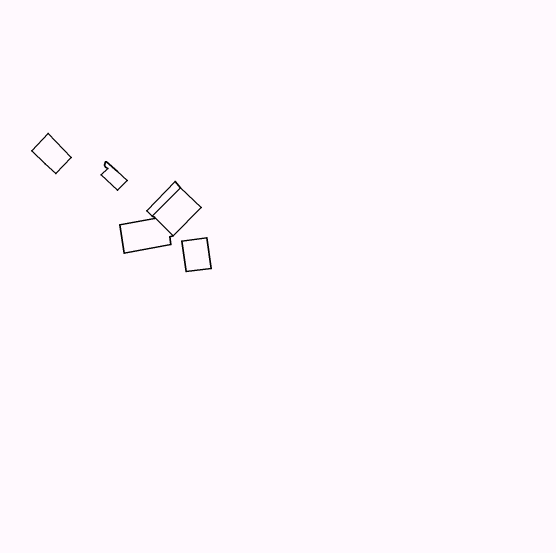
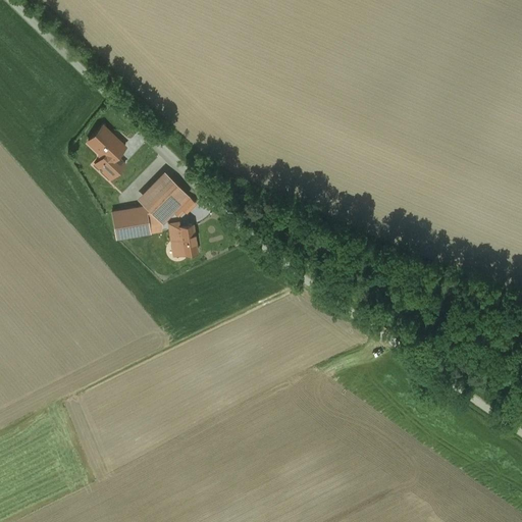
building: [32,133,71,174] -> [88,125,124,163]

